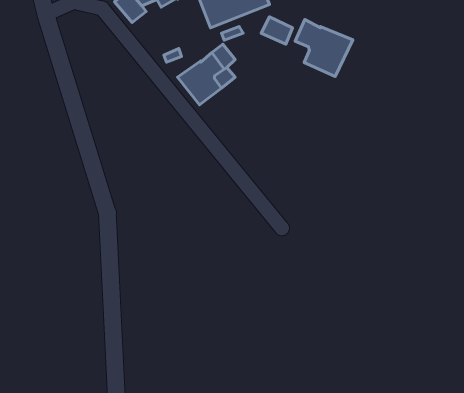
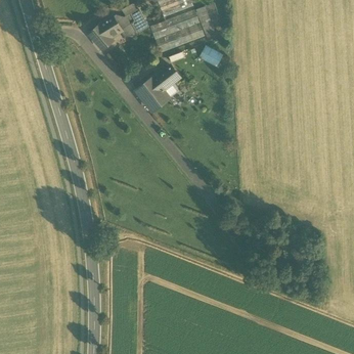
building: [295,20,353,76] -> none

